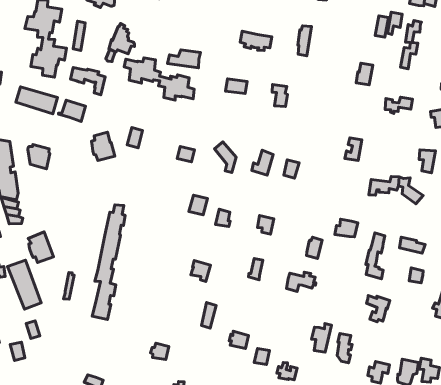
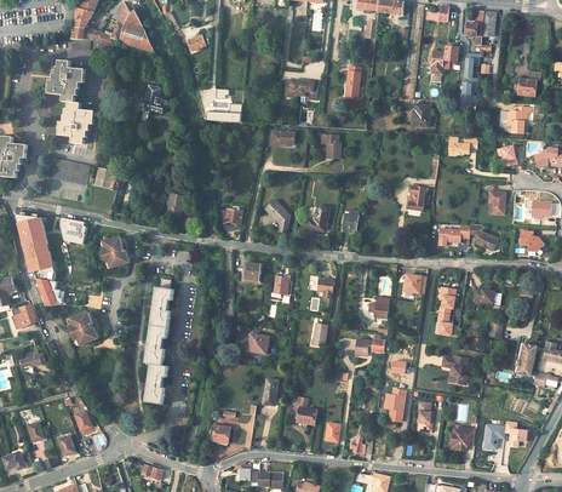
building: [124,58,194,100] -> none
building: [70,67,105,95] -> none
building: [91,132,115,160] -> [102,236,128,268]
building: [8,260,41,309] -> none

